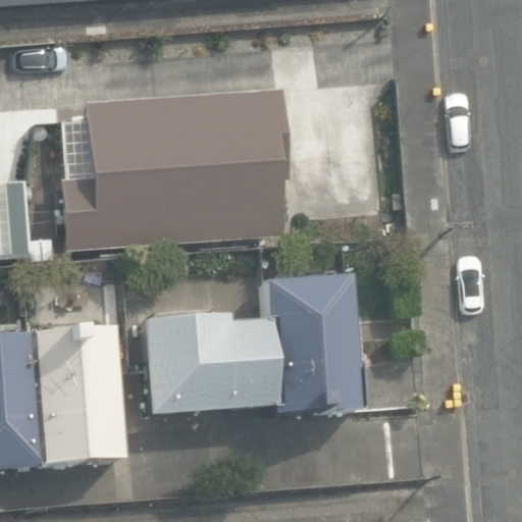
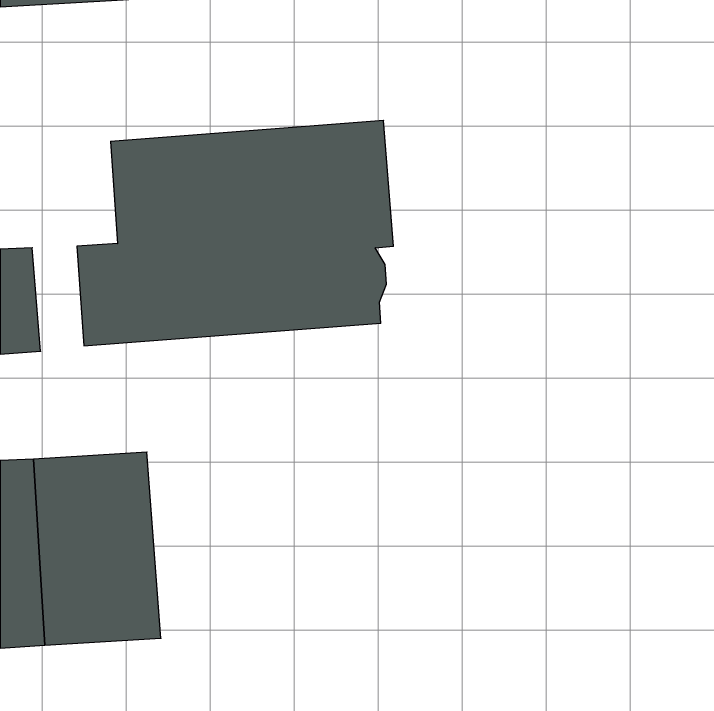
building: [270,272,366,413] -> none
building: [145,311,274,411] -> none

